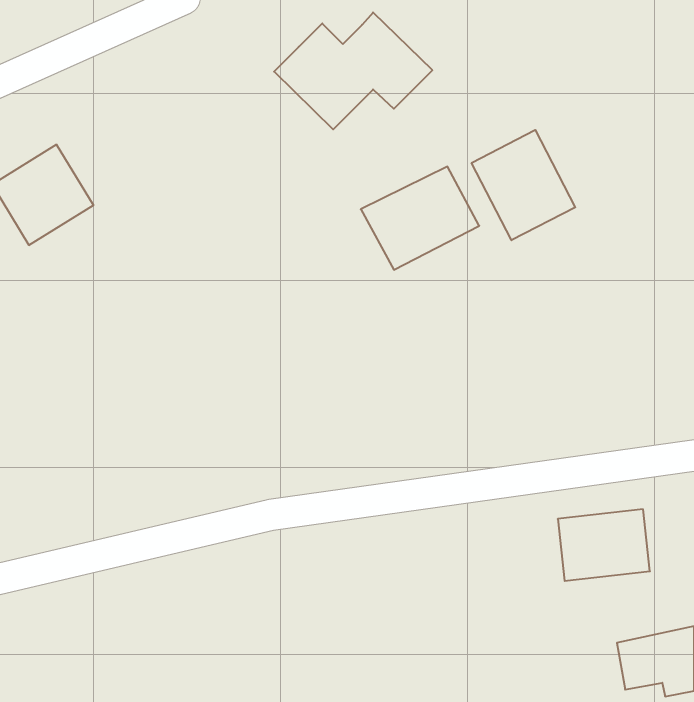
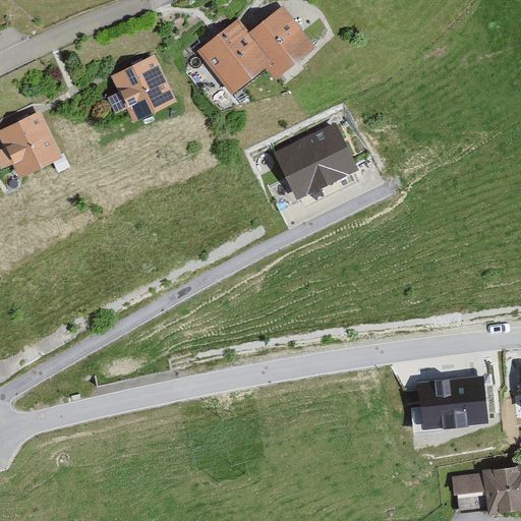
building: none -> [109,52,179,124]
building: [472,130,575,240] -> none

